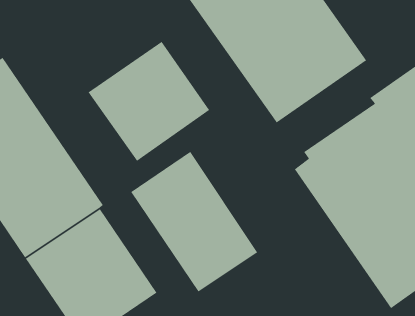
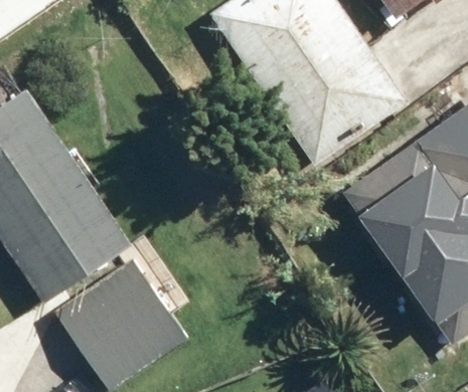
building: [88,41,210,162] -> none
building: [130,151,258,292] -> none

